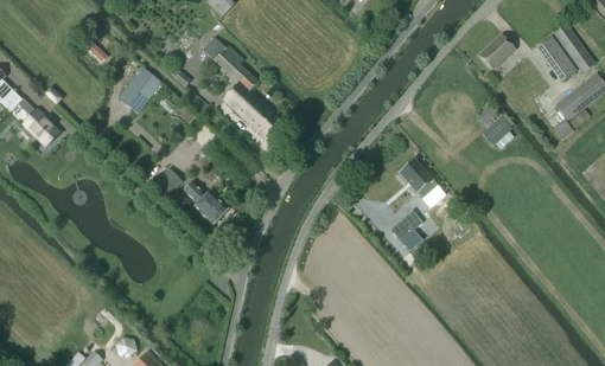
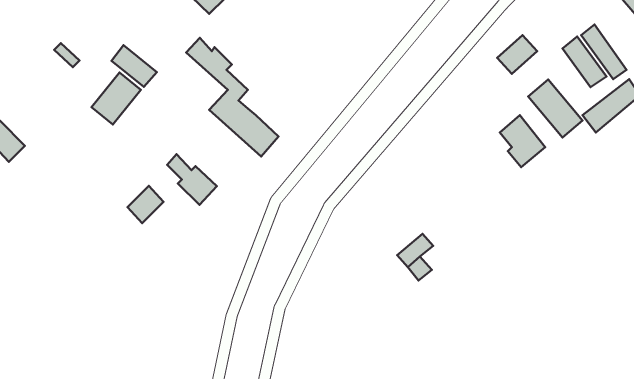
building: none -> [111,45,157,87]
building: none -> [528,79,583,137]
building: [399,159,438,198] -> none
building: [184,180,228,225] -> [167,154,217,205]

